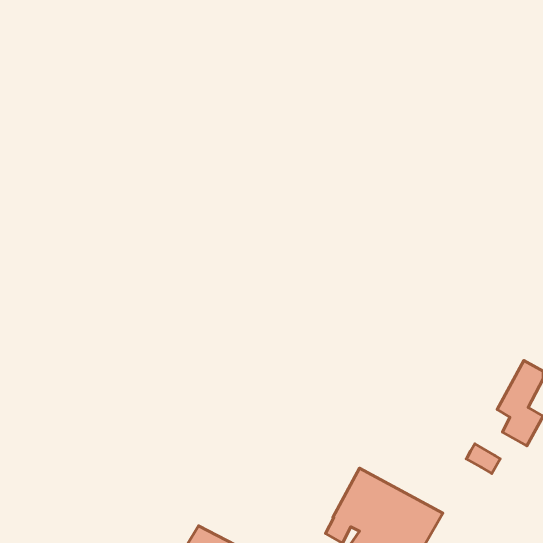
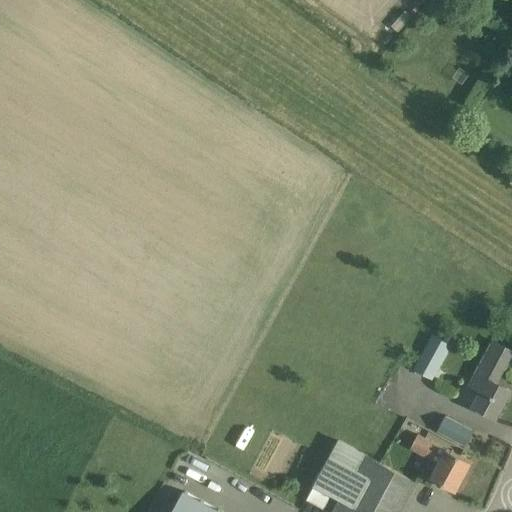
building: none -> [411,338,448,381]
building: none -> [408,432,469,492]

